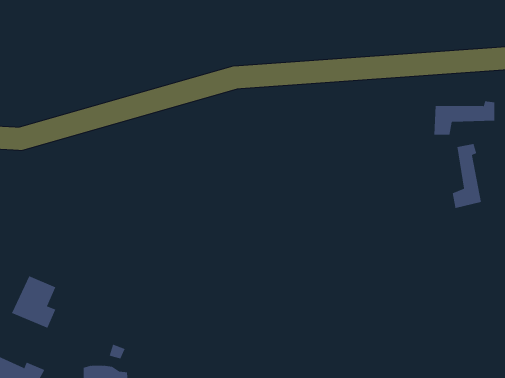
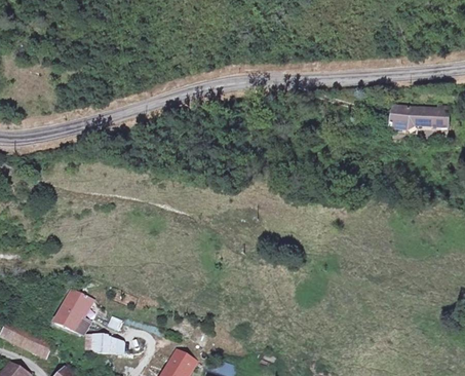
building: [452,143,481,209] -> none
building: [11,275,56,328] -> [54,289,93,335]

